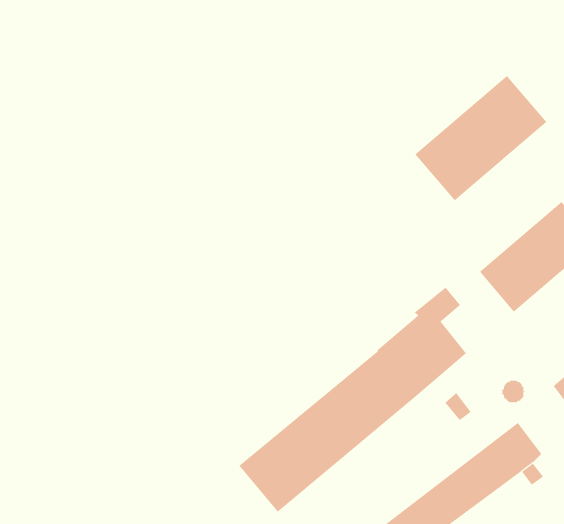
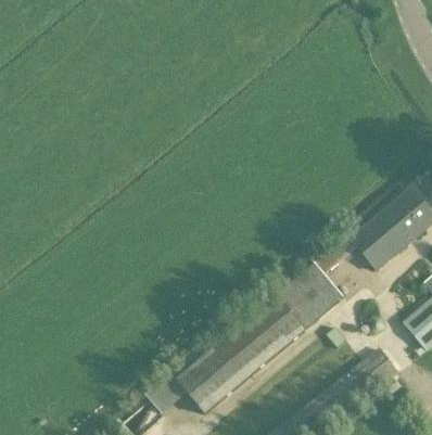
building: [415,75,547,201] -> none

